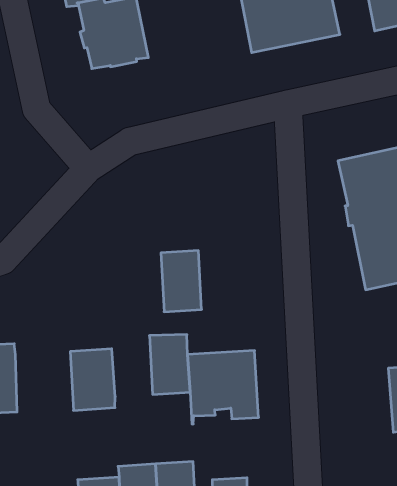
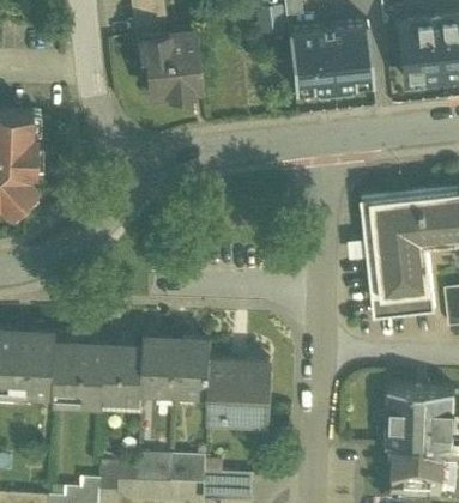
building: [161,251,202,312] -> [143,337,179,390]
building: none -> [54,343,107,402]

